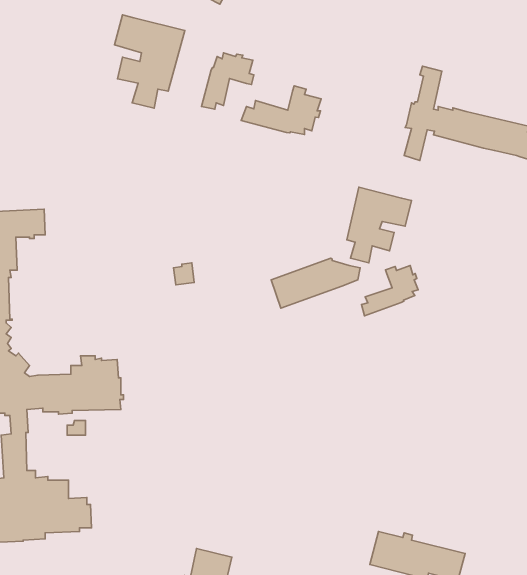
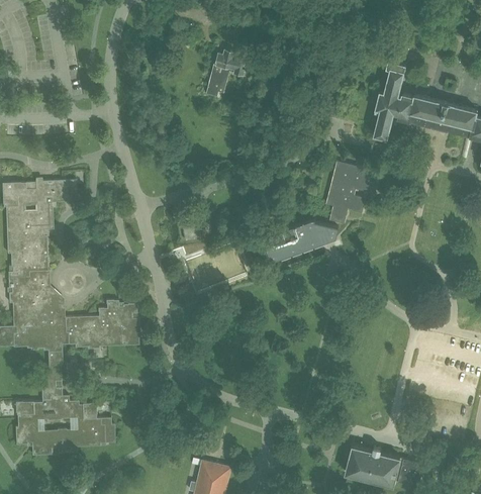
building: [114,15,185,108] -> none
building: [241,86,321,135] -> none
building: [362,266,418,316] -> none

